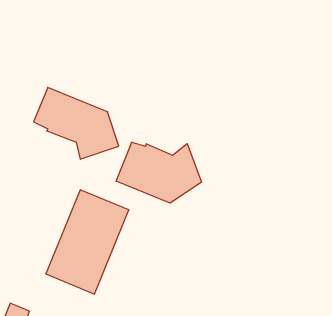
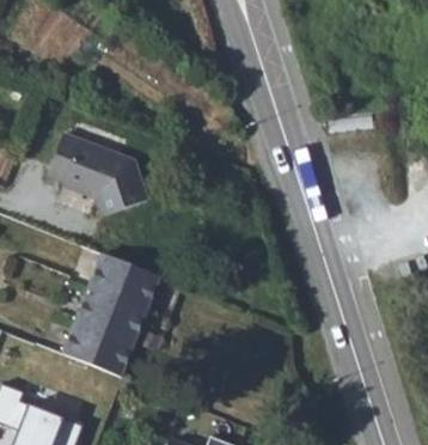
building: [116,142,201,203] -> none

